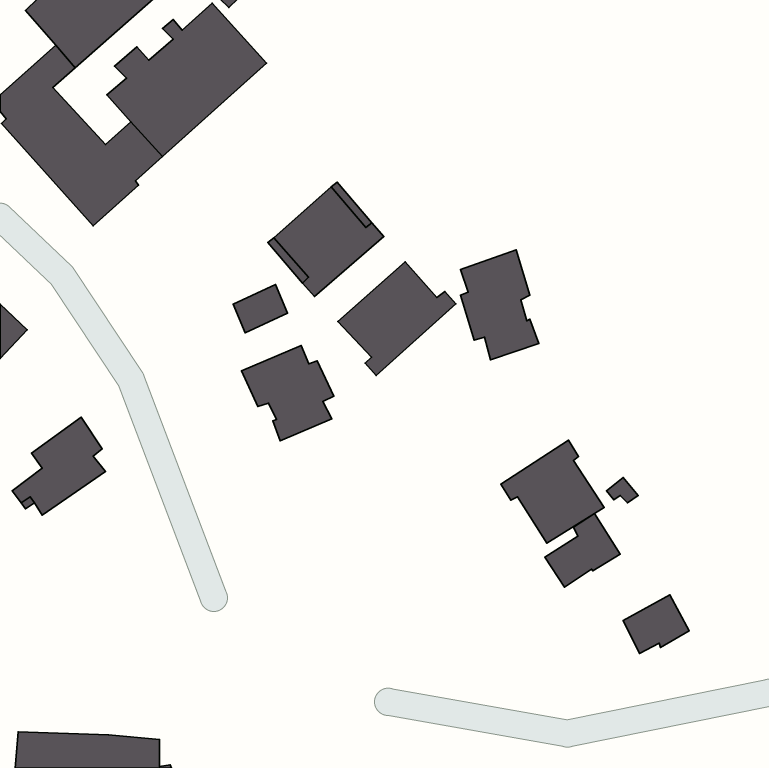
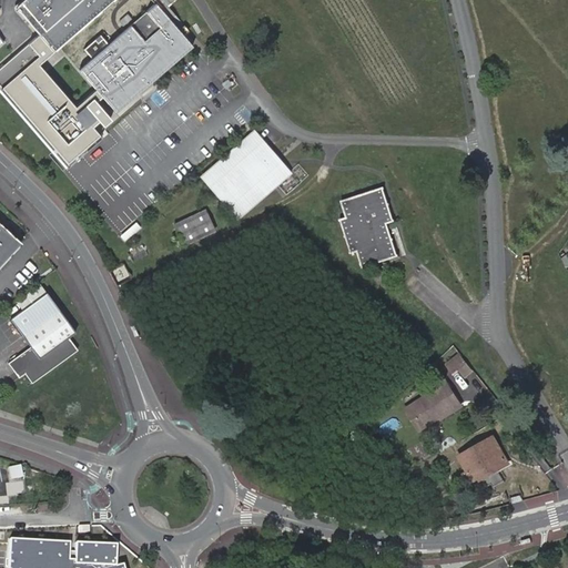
building: [338,262,456,376] -> none
building: [241,346,334,441] -> none
building: none -> [11,292,60,334]
building: [501,440,604,543] -> none

